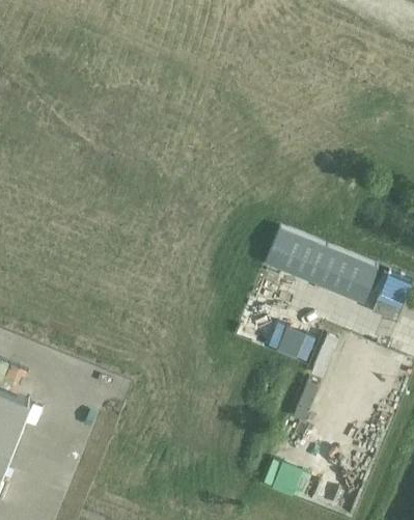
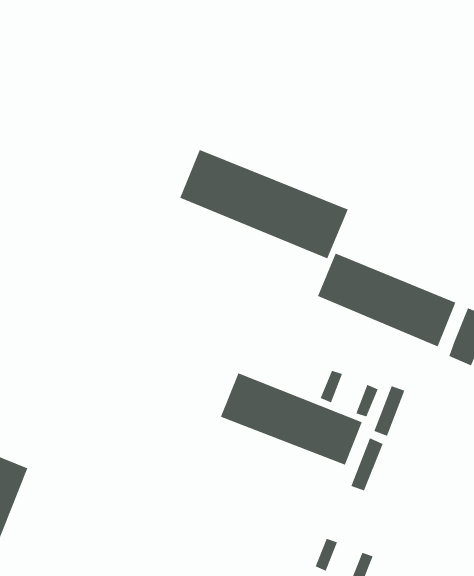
building: none -> [179,149,349,259]
building: none -> [220,373,362,465]

